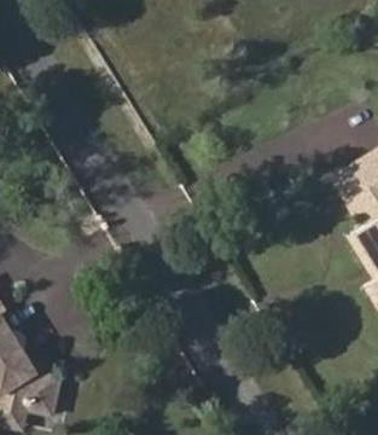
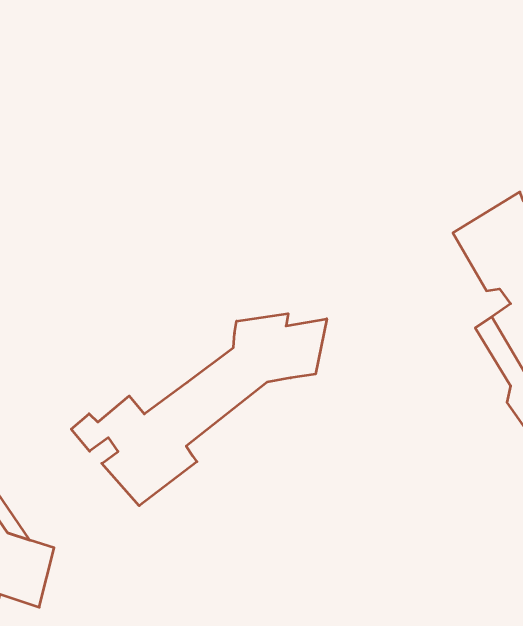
building: none -> [71,314,327,506]

